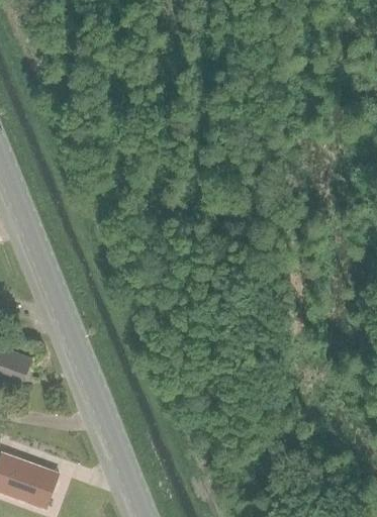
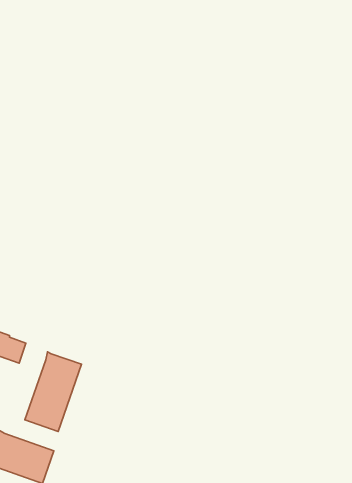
building: none -> [25,352,82,432]

